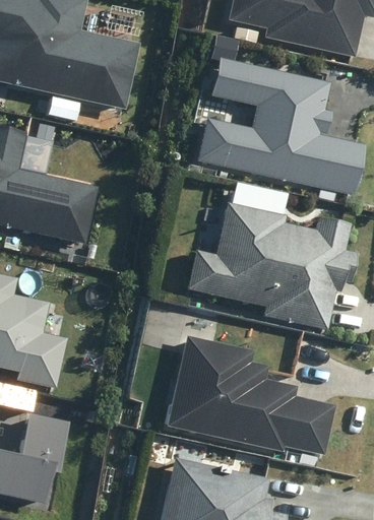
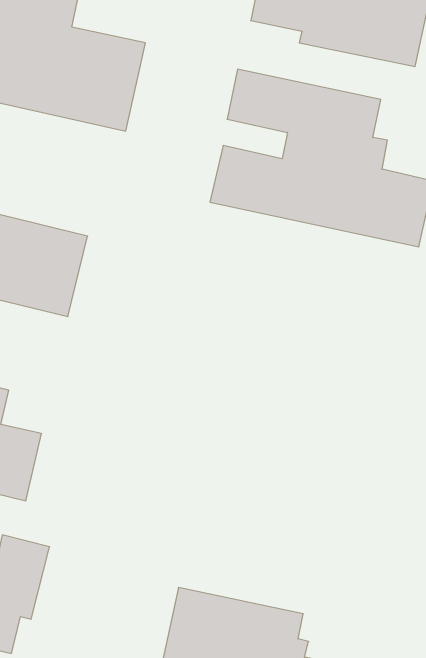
building: [184,203,356,325] -> none
building: [168,336,338,456] -> none

